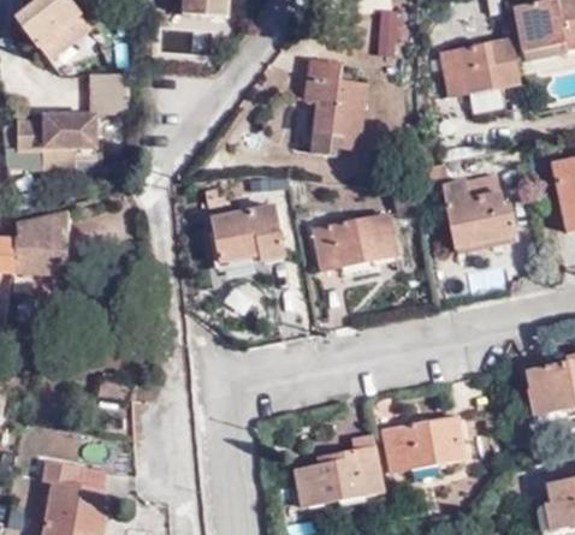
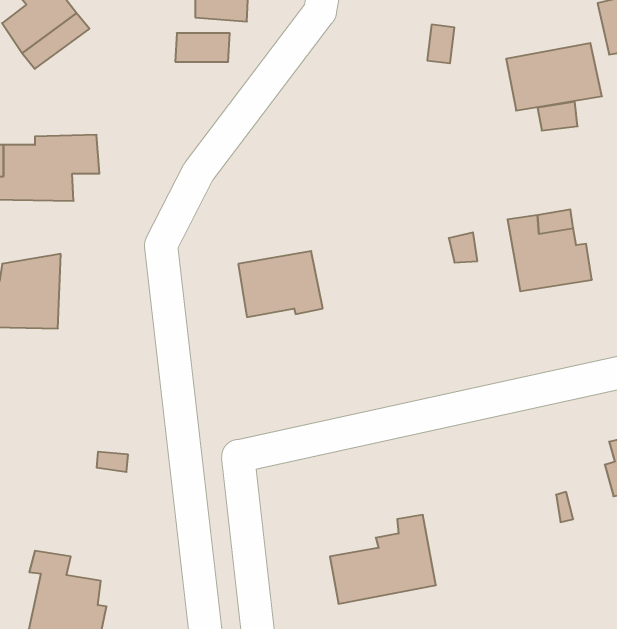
building: [309,57,371,149] -> none
building: [89,70,129,108] -> none
building: [316,220,397,275] -> none
building: [385,415,462,472] -> none

